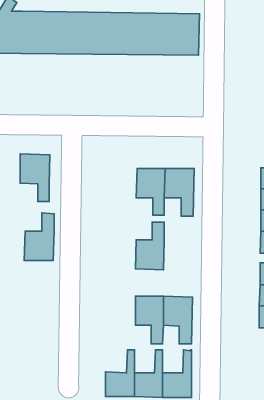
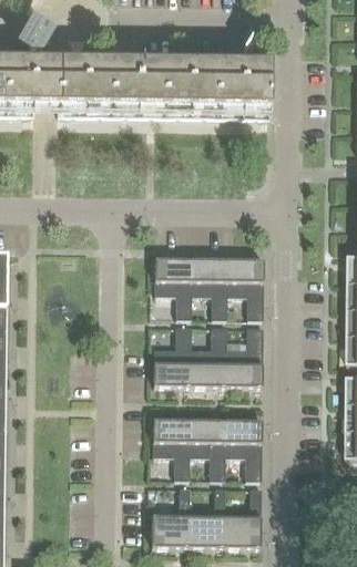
building: [20,154,50,201] -> [154,258,192,318]
building: [24,213,54,260] -> [153,326,191,385]
building: none -> [225,327,263,386]
building: none -> [152,419,190,478]

